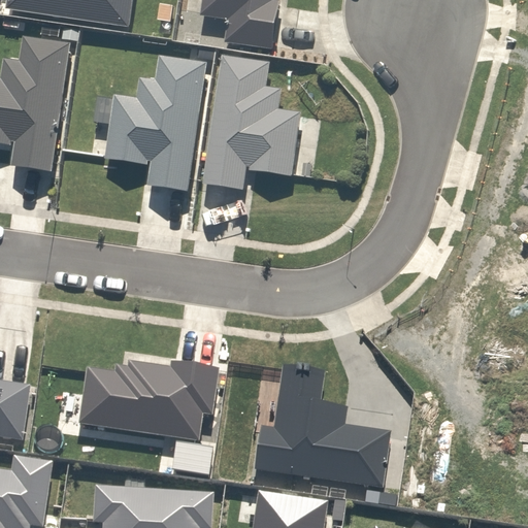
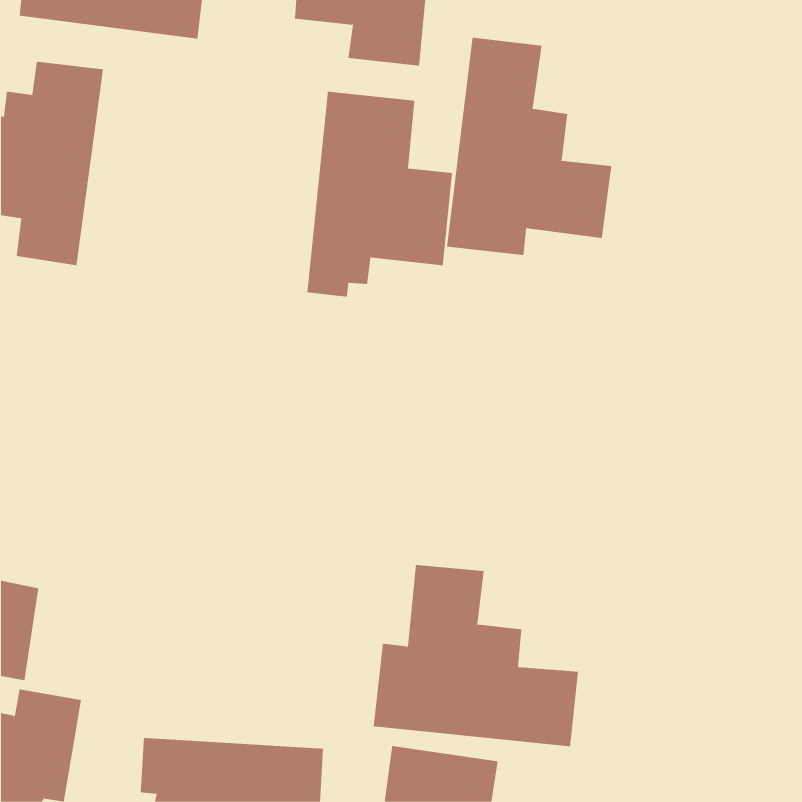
building: none -> [447,37,612,256]
building: [104,61,206,194] -> none
building: [75,361,222,446] -> none

